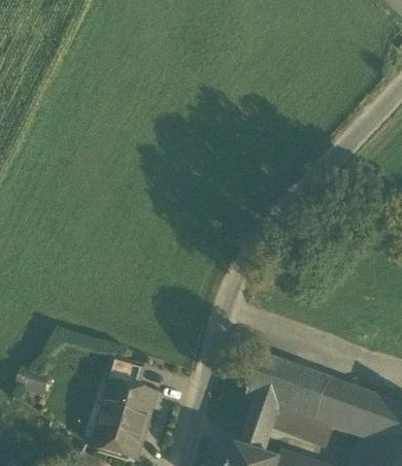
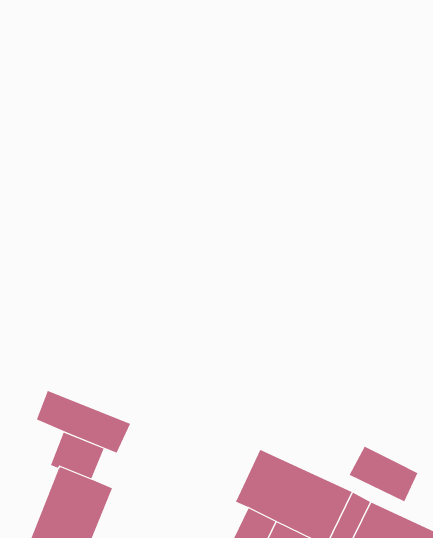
building: none -> [36,390,131,454]
building: none -> [349,446,418,502]

